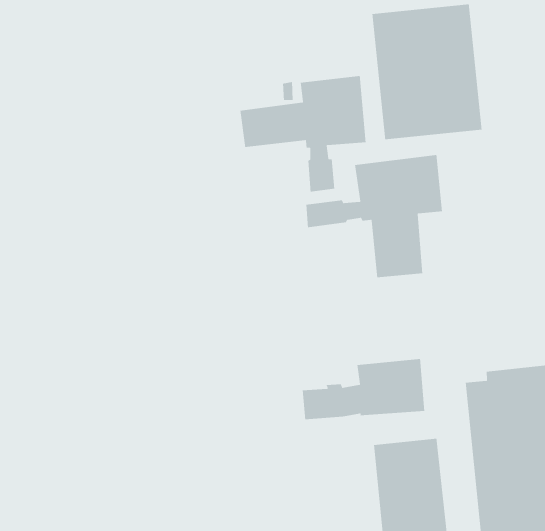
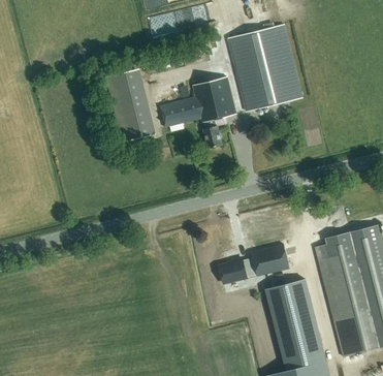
building: none -> [106,70,155,144]
building: [305,154,443,278] -> none

